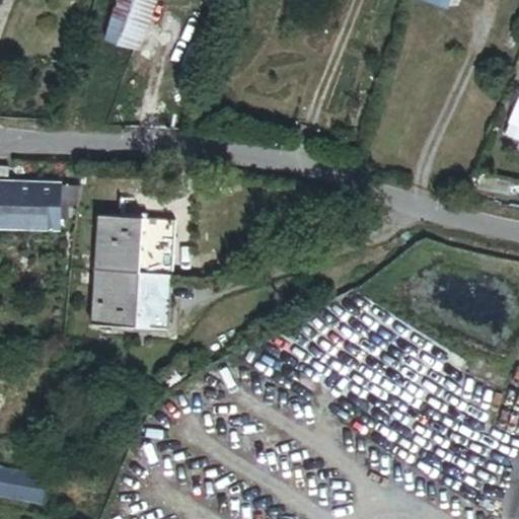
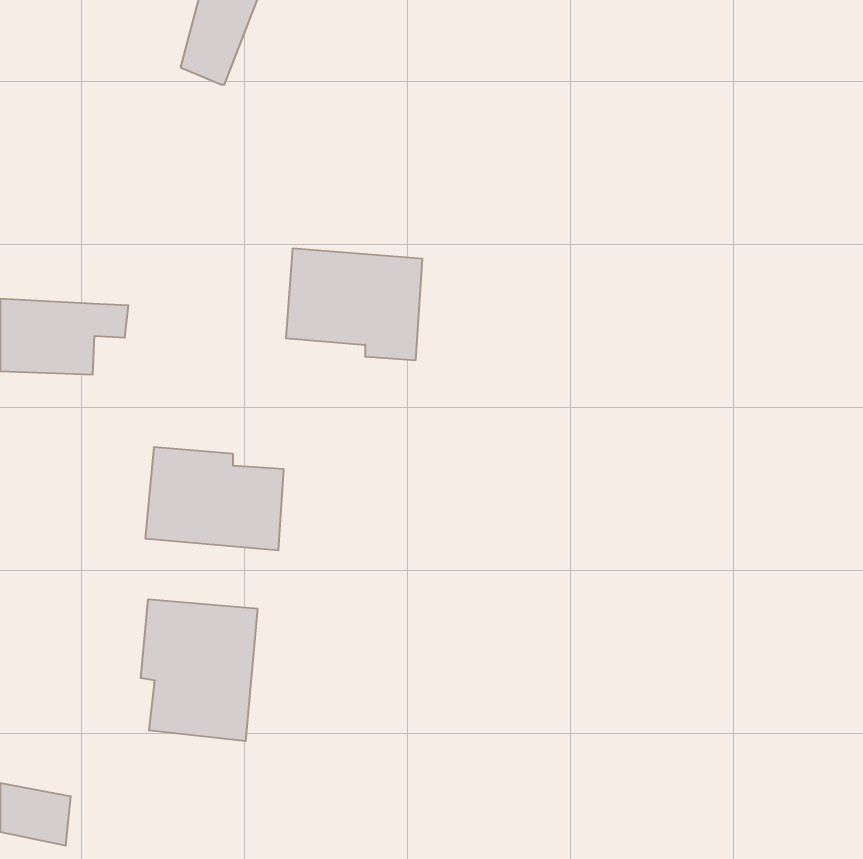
building: [92,215,174,282] -> [286,249,422,360]
building: none -> [141,599,257,741]

